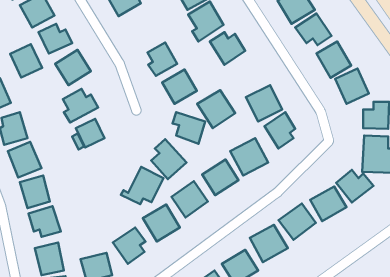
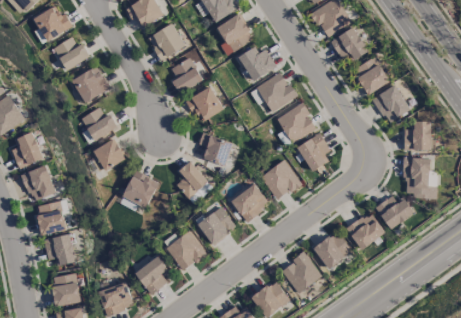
building: none -> [148,23,186,61]
building: [10,44,42,77] -> none
building: [197,90,235,128] -> [255,71,296,112]
building: [121,167,164,204] -> [113,170,159,210]

